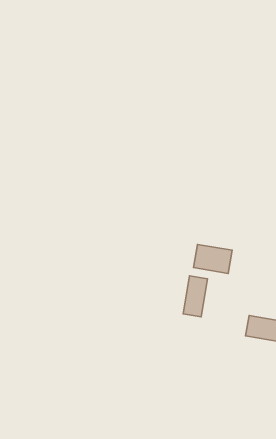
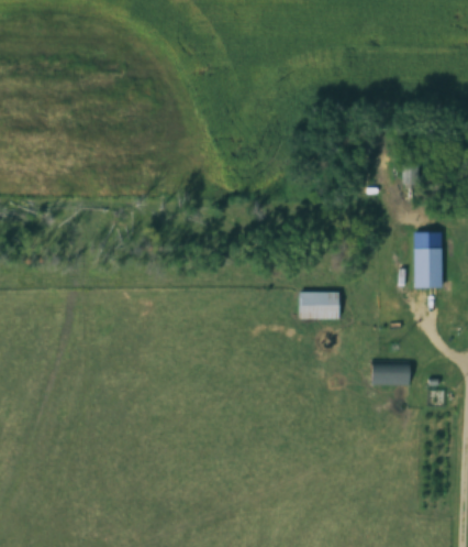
building: [183,276,207,317] -> none

